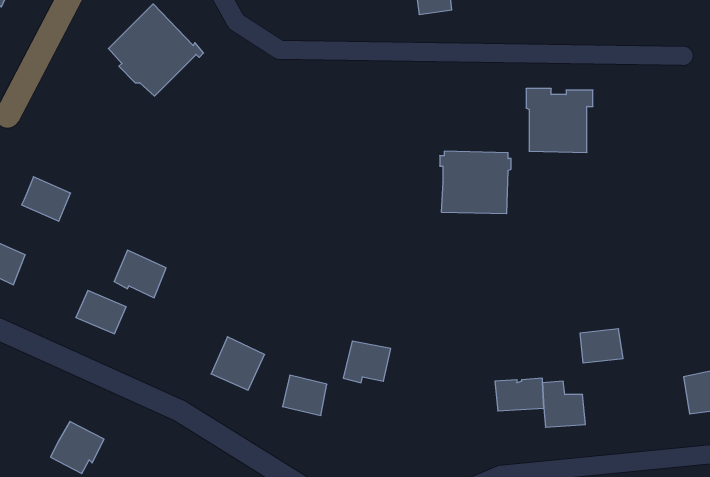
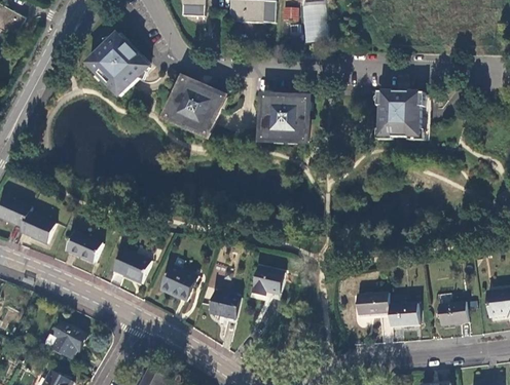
building: none -> [167,79,224,136]
building: [440,151,511,214] -> [260,98,309,141]
building: [22,177,71,221] -> [21,211,54,242]
building: [114,250,166,298] -> [113,247,149,280]
building: [580,329,623,363] -> [438,301,468,324]

